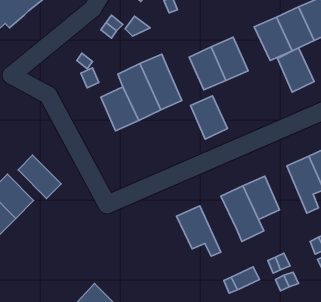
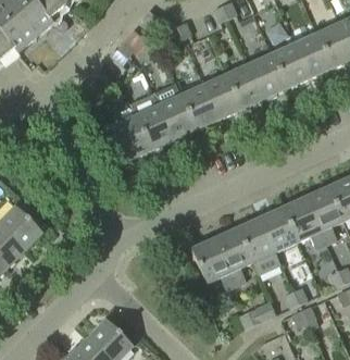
building: [278,48,314,92] -> [249,52,287,98]
building: [191,96,227,139] -> [180,84,218,128]
building: [18,155,61,198] -> none
building: none -> [282,196,325,249]
building: none -> [214,227,252,285]

